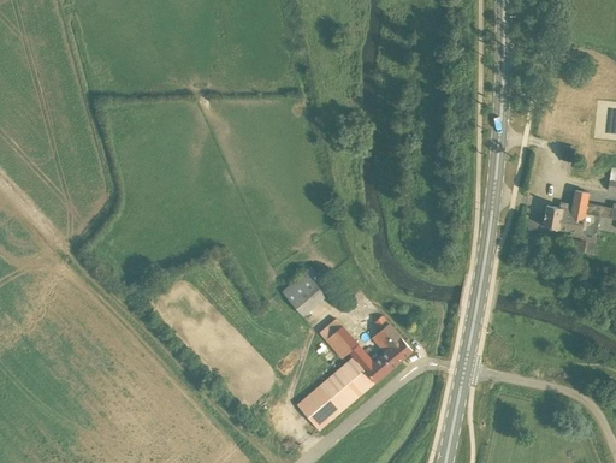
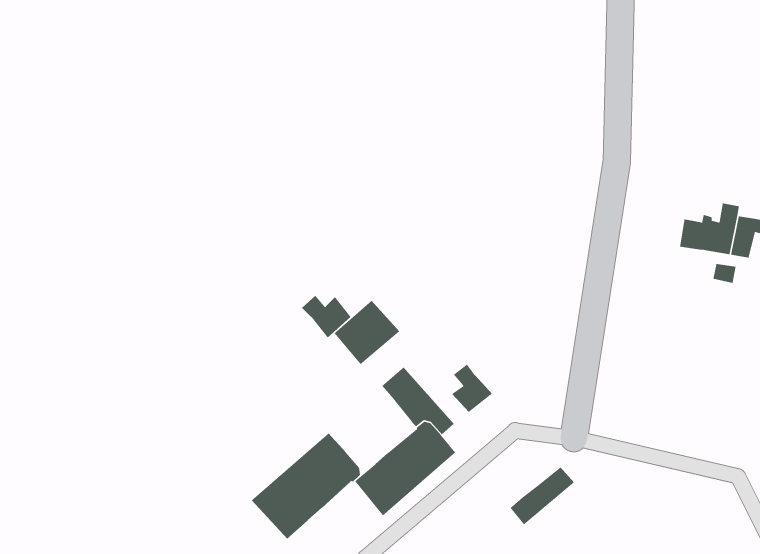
building: none -> [301,295,352,339]
building: [363,338,413,382] -> [509,467,575,526]
building: none -> [251,433,361,540]

